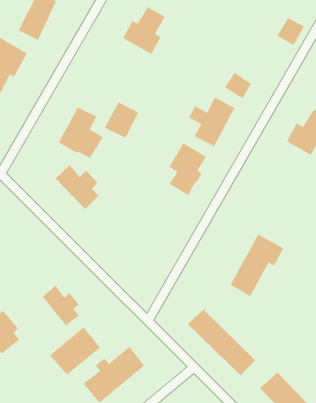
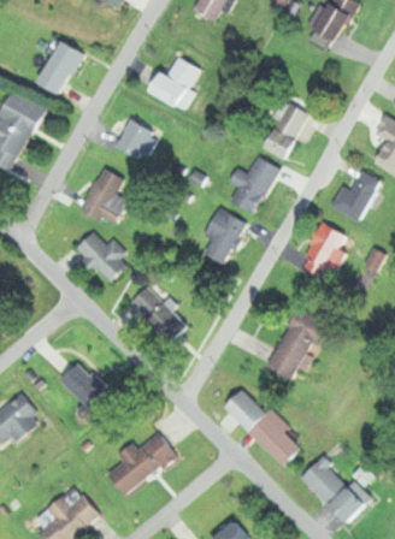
building: [277,17,305,46] -> [275,102,306,134]
building: [104,102,139,139] -> [114,118,153,159]
building: none -> [303,225,348,277]
building: none -> [128,285,187,346]
building: [49,327,101,376] -> none

